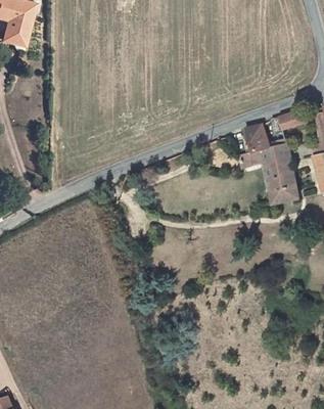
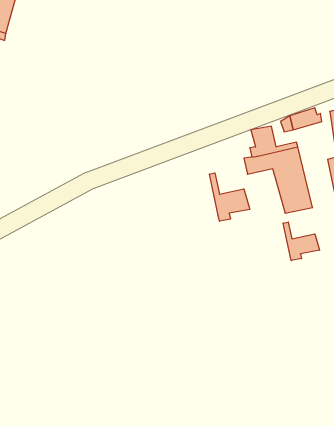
building: none -> [209,173,250,221]
building: none -> [283,222,320,261]

